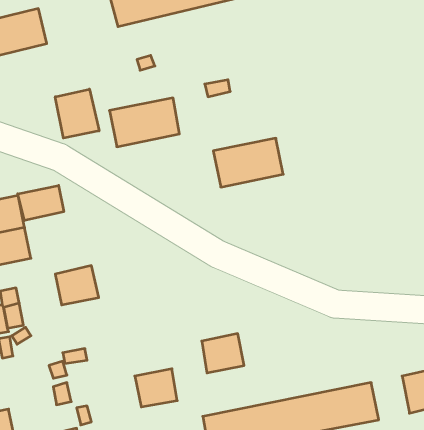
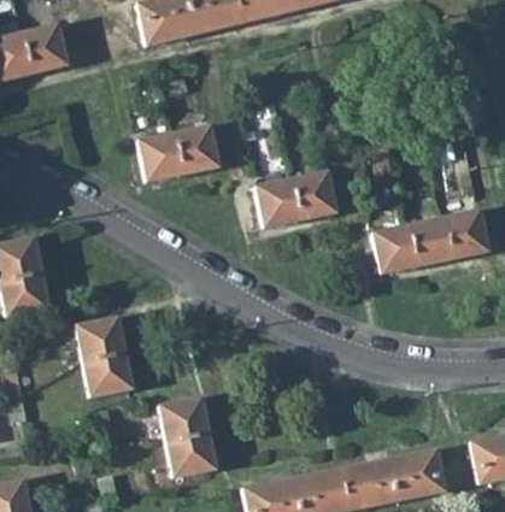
building: [55,89,99,138] -> none
building: none -> [374,208,488,272]
building: [18,185,64,221] -> none
building: none -> [84,352,134,396]
building: [202,334,244,373] -> [162,396,210,441]

